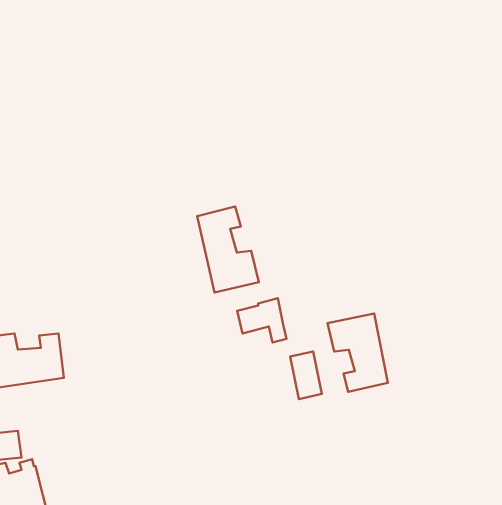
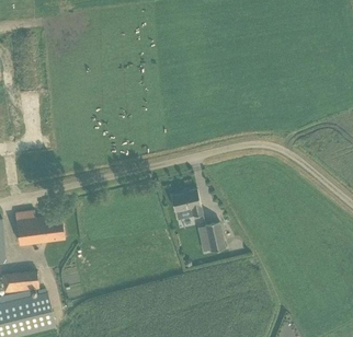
building: [197,206,259,292] -> none
building: [328,313,388,392] -> none

